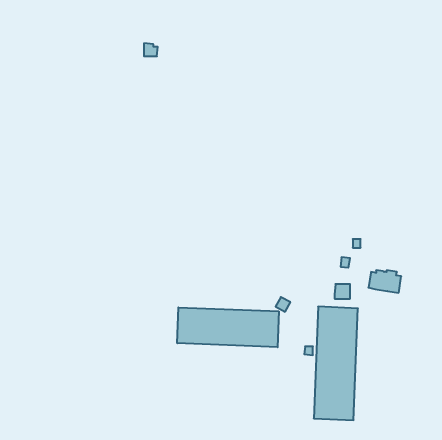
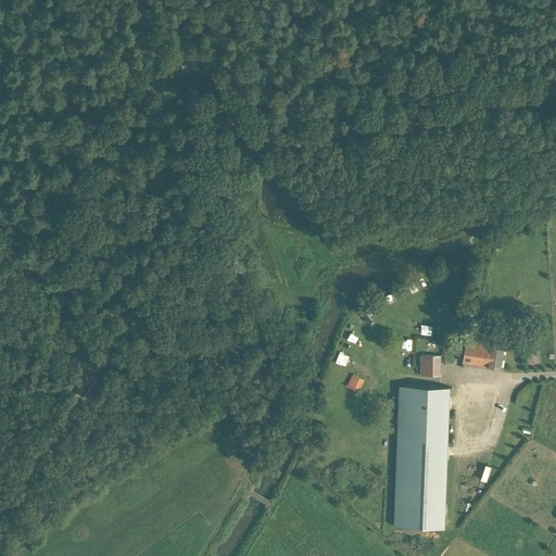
building: [177,307,279,347] -> none

